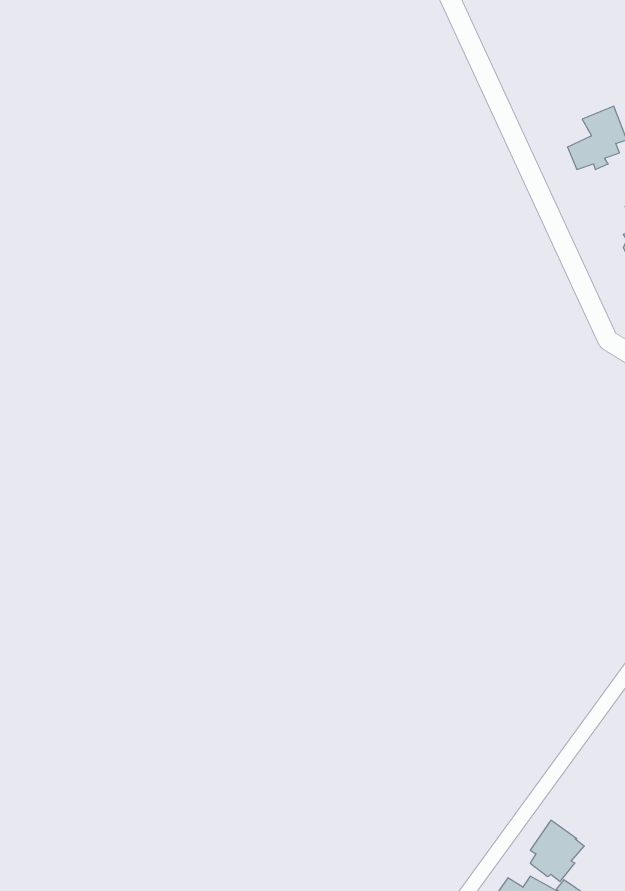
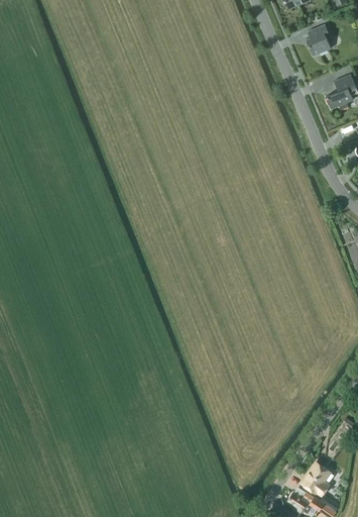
building: none -> [306,25,330,56]

